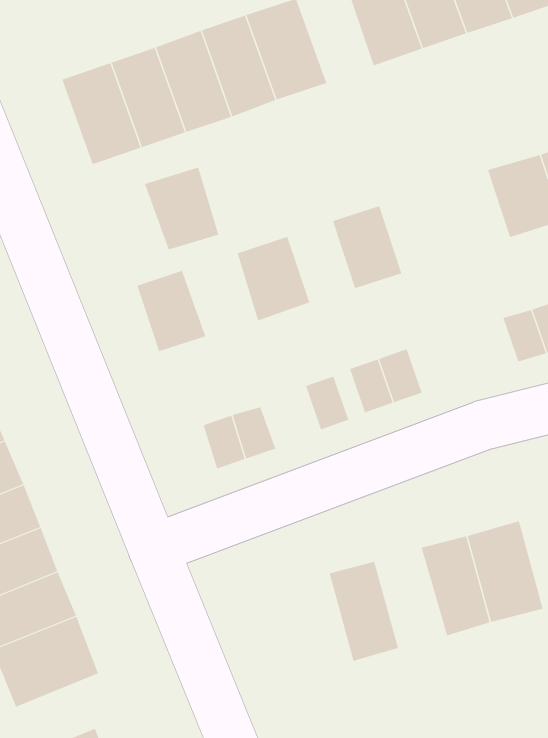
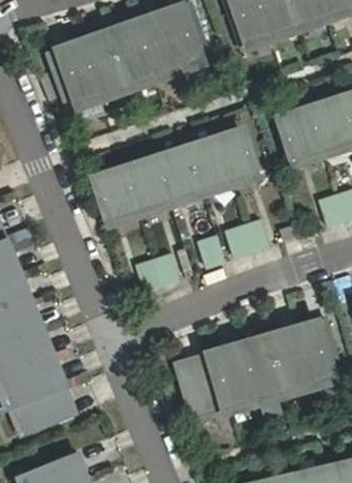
building: [144,167,219,250] -> [124,160,169,211]
building: none -> [281,110,322,160]
building: none -> [188,141,228,190]
building: none -> [241,339,284,400]
building: none -> [180,355,227,417]

